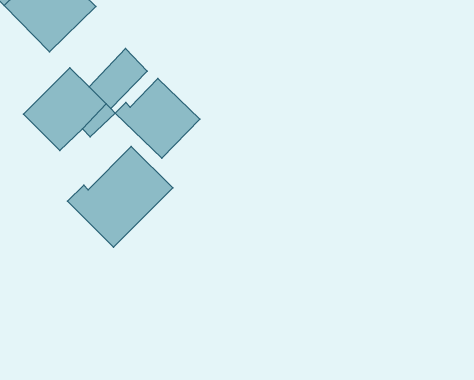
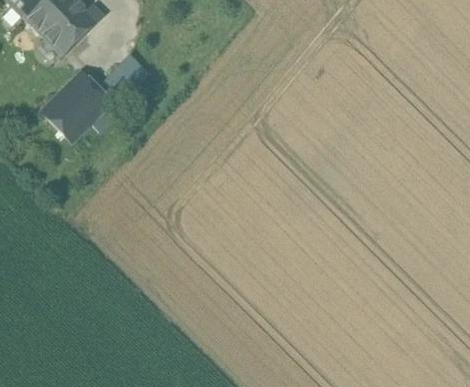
building: [115,78,200,158] -> none
building: [67,147,173,247] -> none

